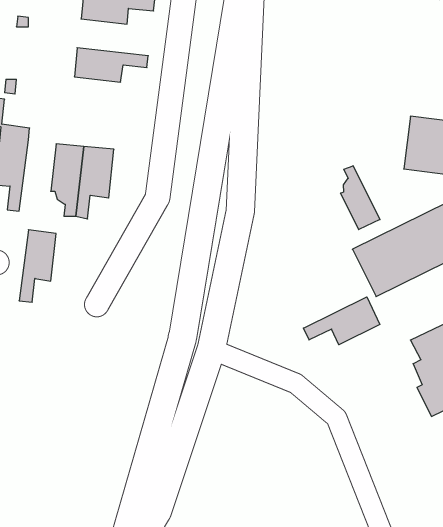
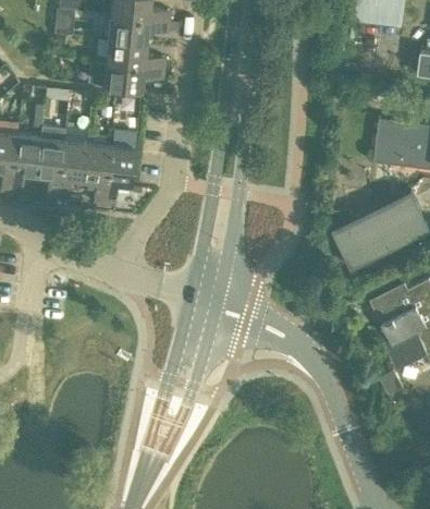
building: none -> [105,39,164,70]
building: [341,166,380,230] -> none
building: [19,230,56,302] -> [57,140,87,199]
building: [303,297,380,345] -> none

